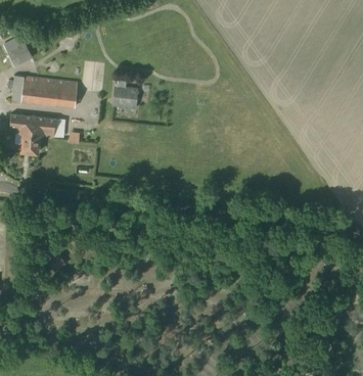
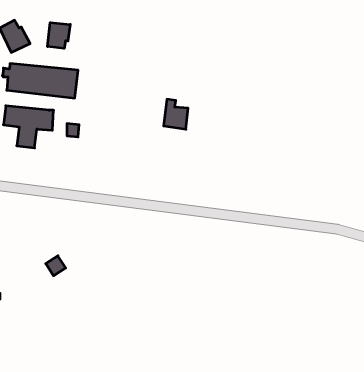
building: none -> [48,23,70,48]
building: [115,81,137,108] -> [164,99,188,129]

